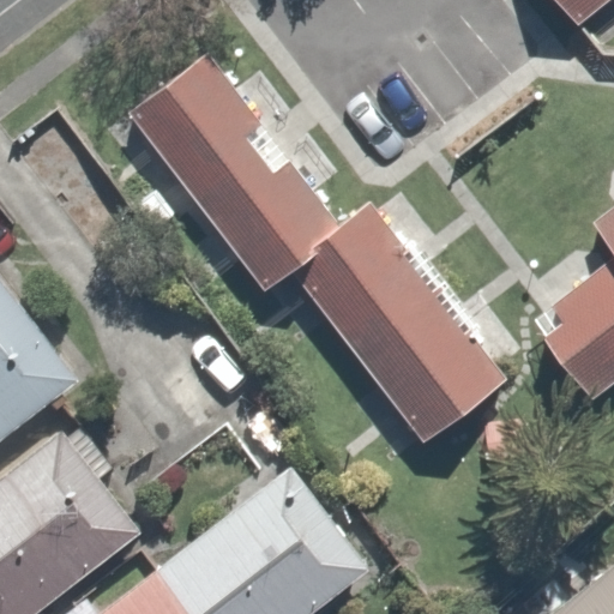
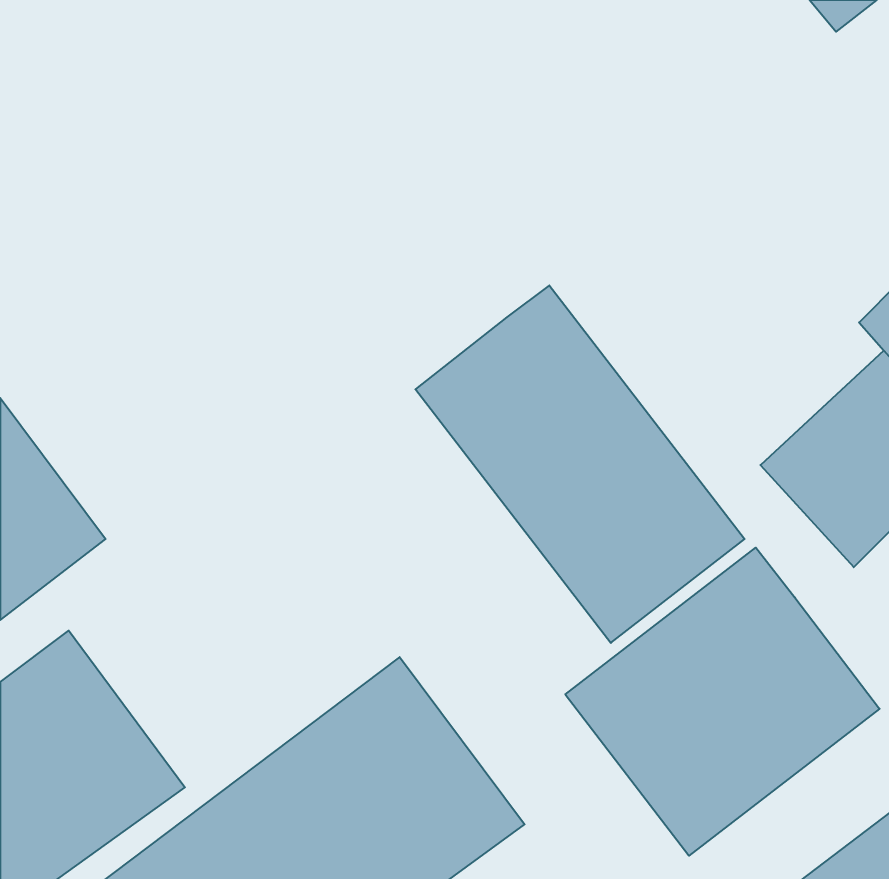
building: [122,42,353,296] -> none
building: none -> [565,548,880,856]

